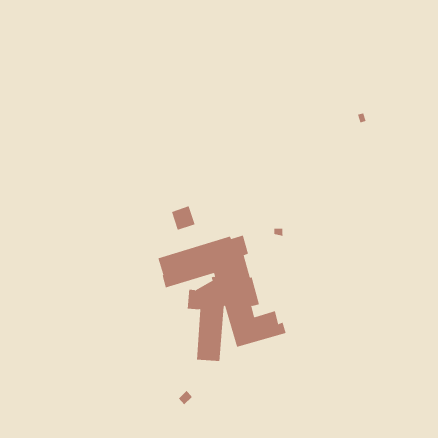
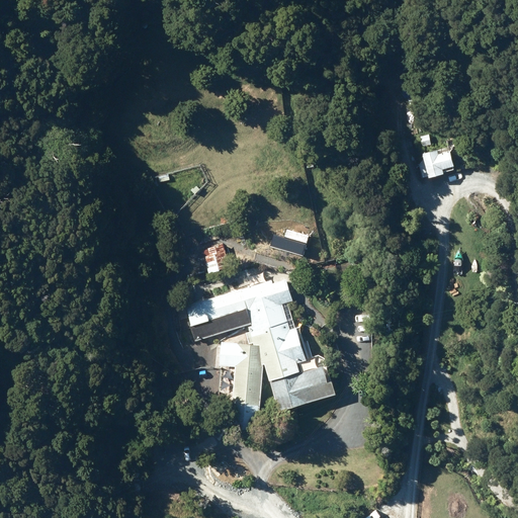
building: none -> [415,149,454,179]

